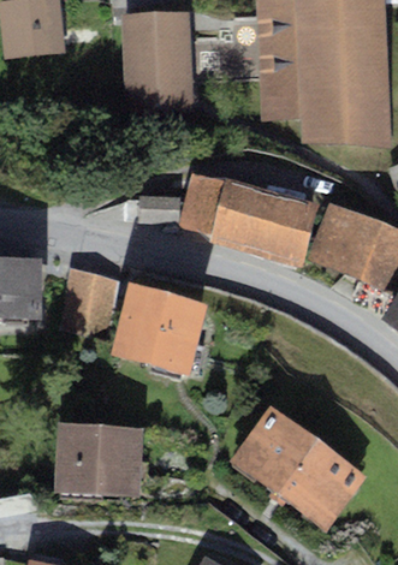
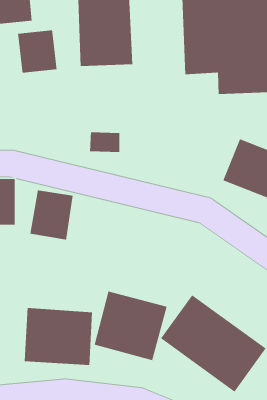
building: none -> [18,30,57,73]
building: [178,172,319,267] -> none
building: [111,282,206,373] -> [94,291,168,361]

